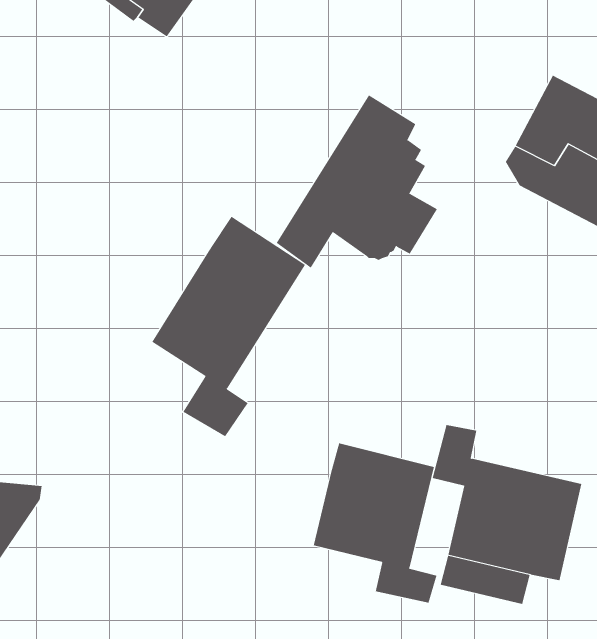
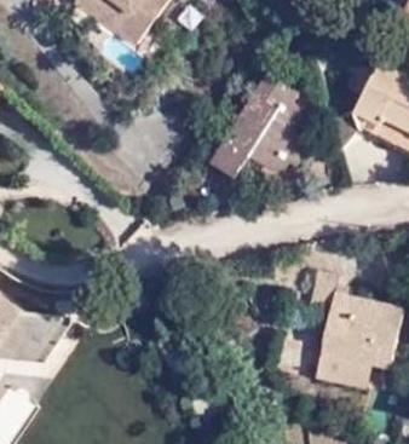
building: [151,216,306,437] -> none
building: [313,442,437,604] -> none

